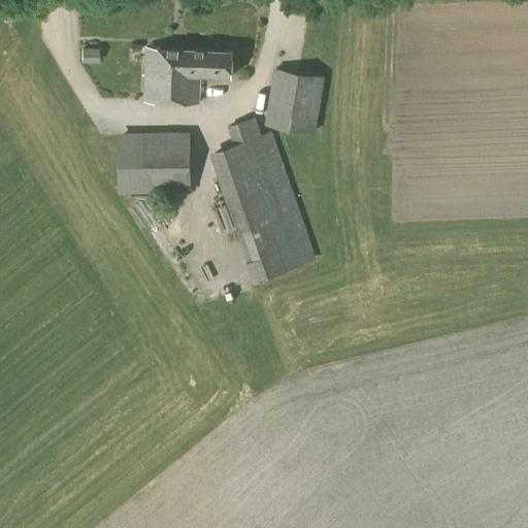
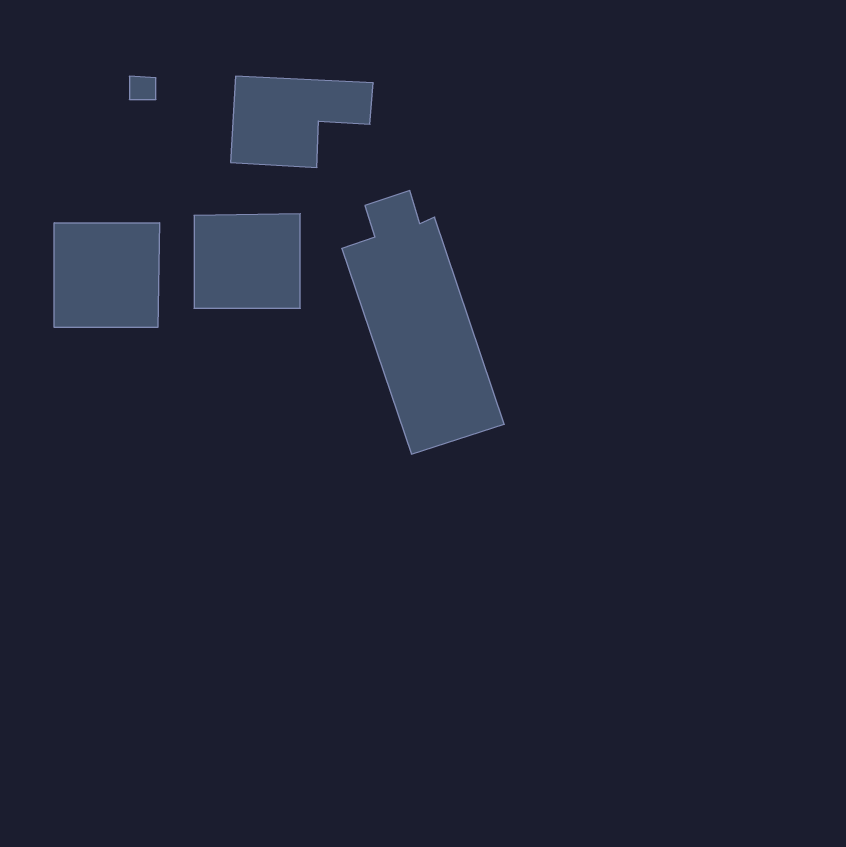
building: [266,68,325,133] -> none
building: none -> [54,223,160,327]

